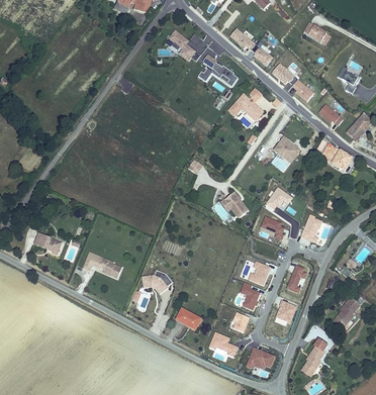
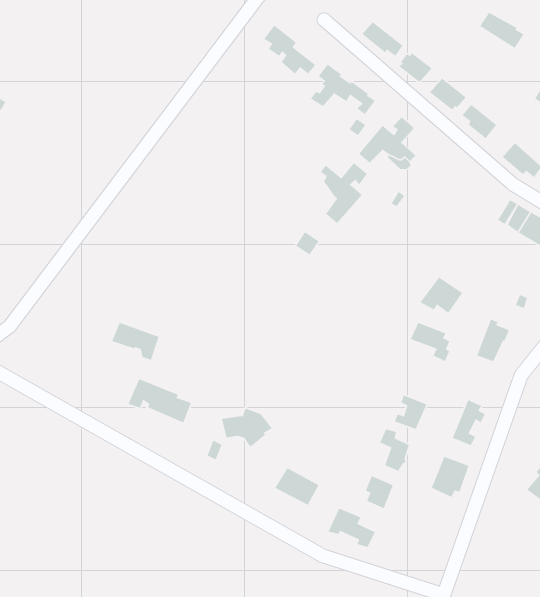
building: none -> [320,162,368,224]
building: [273,135,301,163] -> none
building: [219,191,250,218] -> none
building: [33,231,64,256] -> [111,322,160,361]
building: [301,337,328,377] -> none
building: [245,345,275,369] -> none

